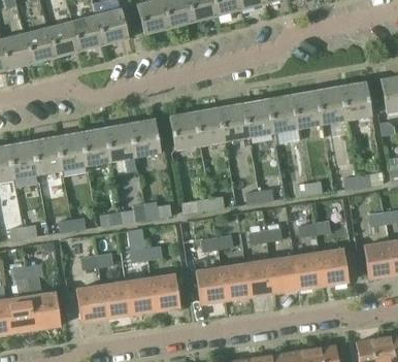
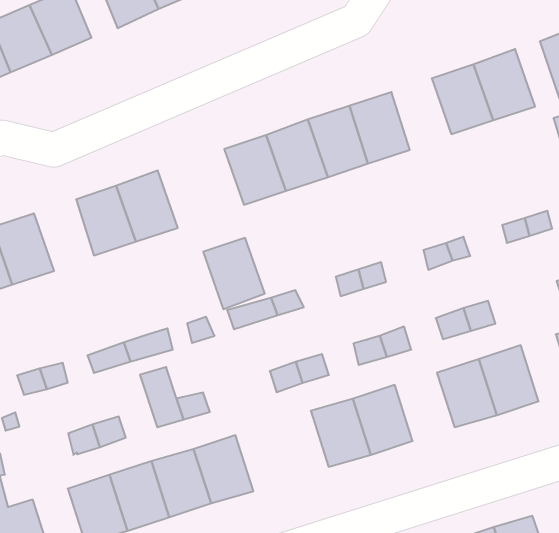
building: [293,90,323,128] -> none
building: [169,111,200,150] -> [203,238,265,309]
building: [81,127,111,165] -> none
building: [269,256,299,292] -> none
building: [196,266,225,303] -> none

